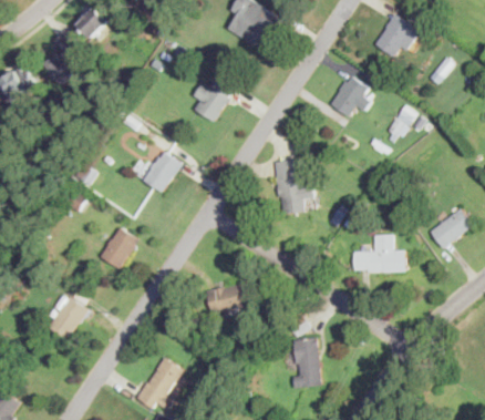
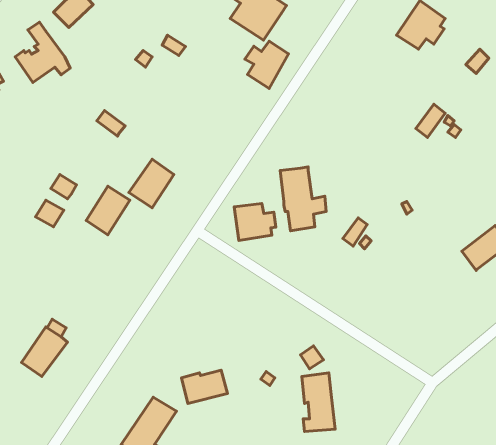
building: [329,76,369,116] -> none
building: [194,81,231,122] -> [245,41,288,89]
building: none -> [234,203,276,240]
building: [99,227,136,269] -> [86,186,130,235]
building: [351,244,403,273] -> none
building: [205,285,245,314] -> [181,370,228,404]

